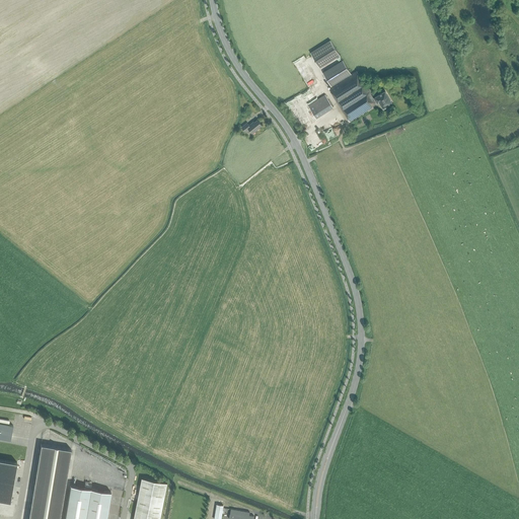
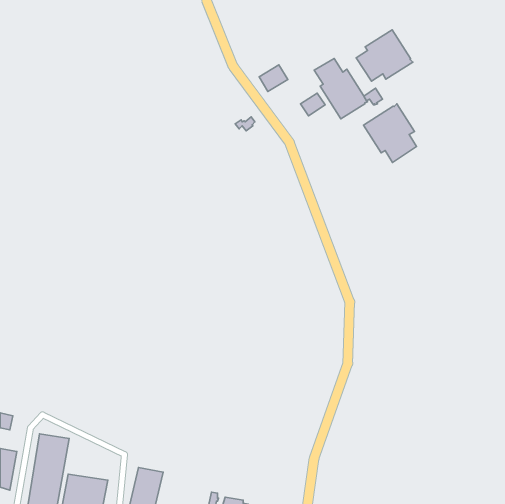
building: none -> [356,30,413,81]
building: [310,43,340,70] -> [259,65,288,92]
building: none -> [364,104,417,162]

